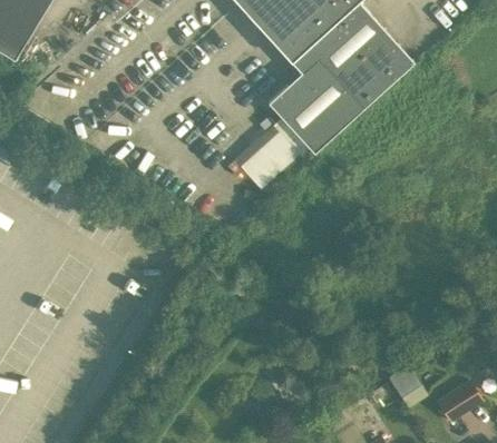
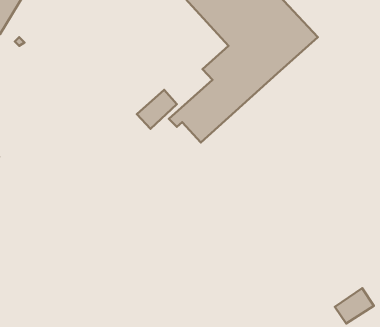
building: none -> [137,90,177,129]
building: [391,370,427,407] -> none

